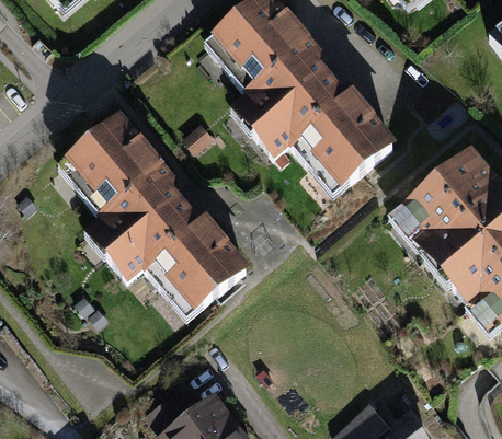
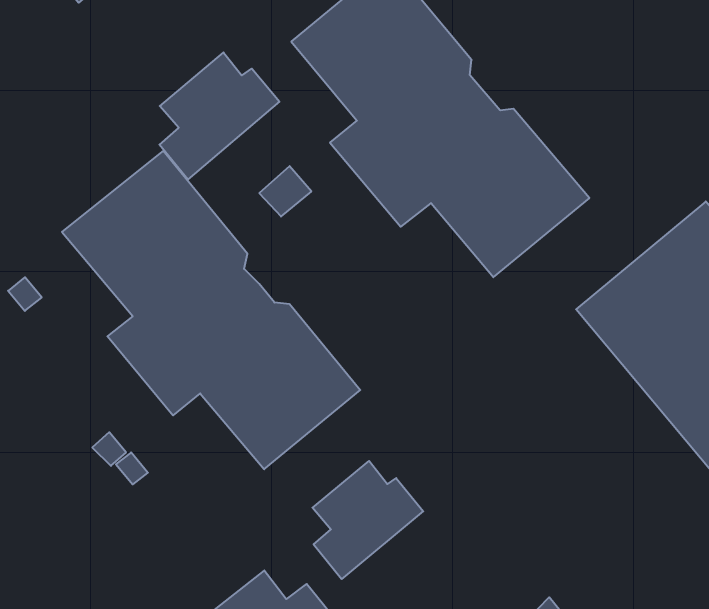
building: none -> [159,52,279,179]
building: none -> [312,461,423,579]

